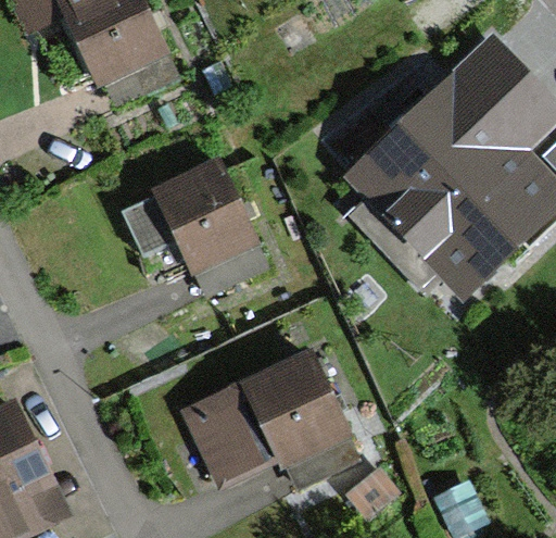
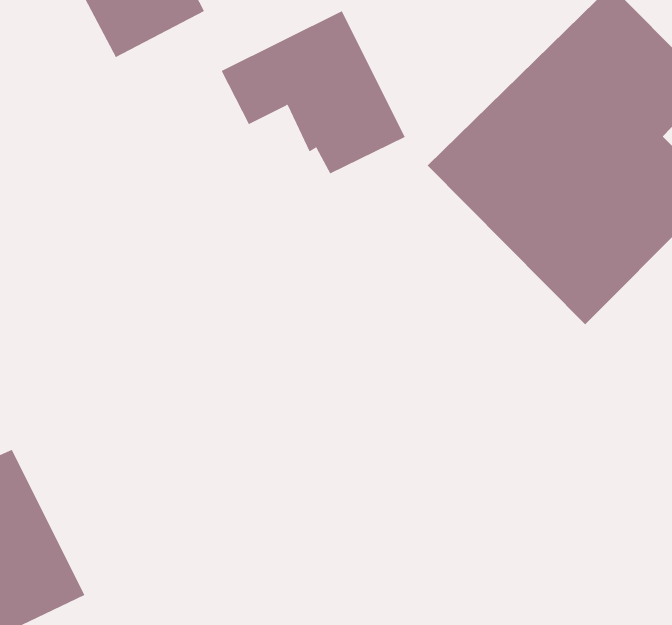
building: [123,163,268,292] -> [221,10,405,174]
building: [185,348,362,486] -> none

